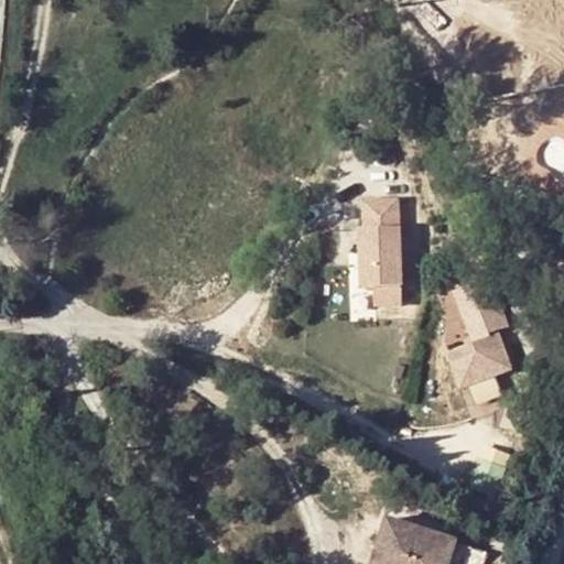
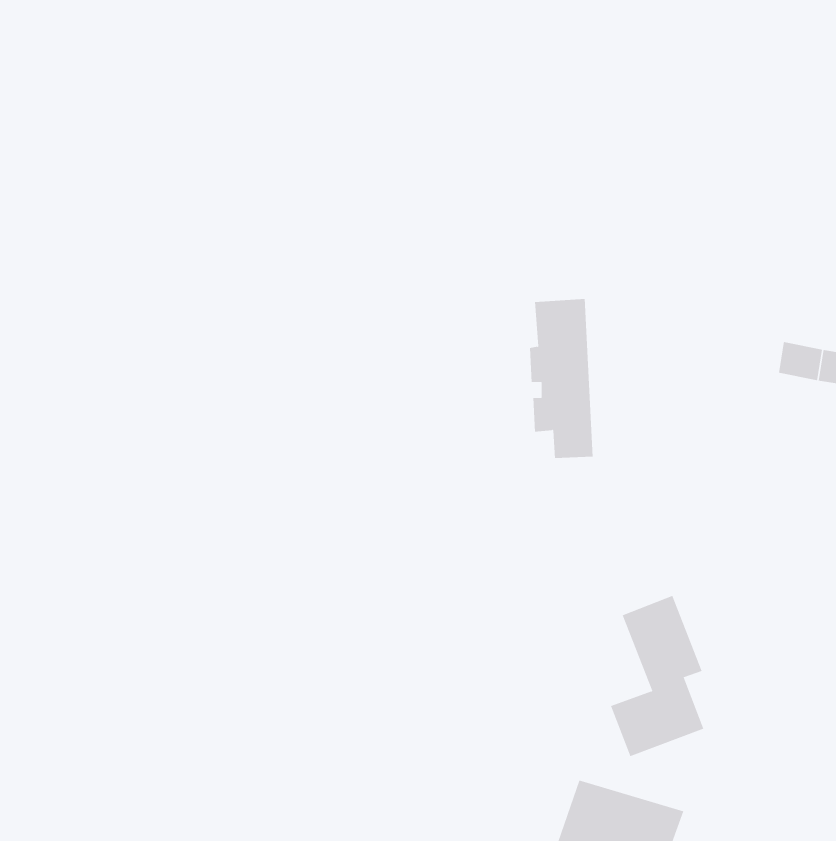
building: [448,273,511,381] -> [610,595,704,757]

